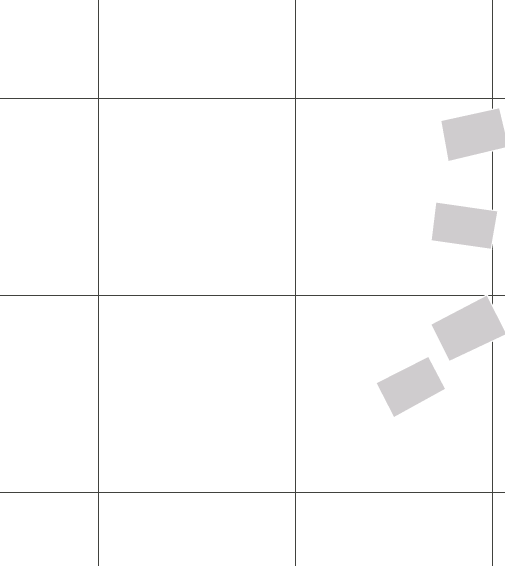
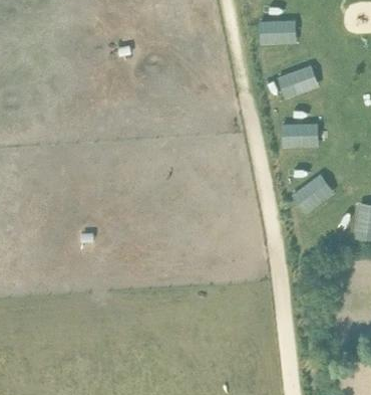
building: none -> [260,19,297,43]
building: [376,356,446,418] -> none

